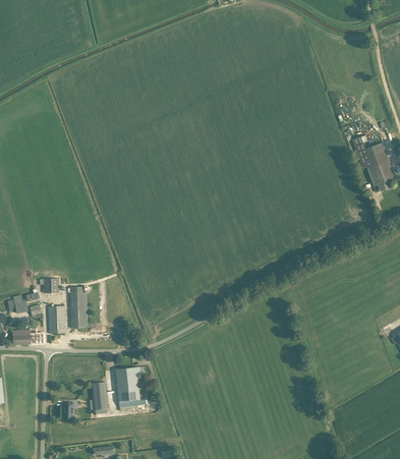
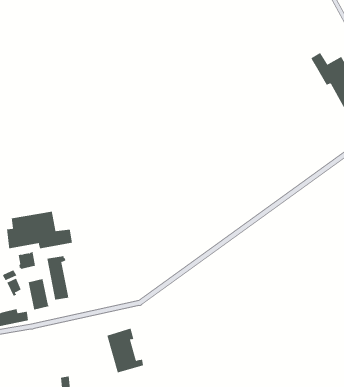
building: none -> [6,211,72,249]
building: [90,382,108,410] -> none

